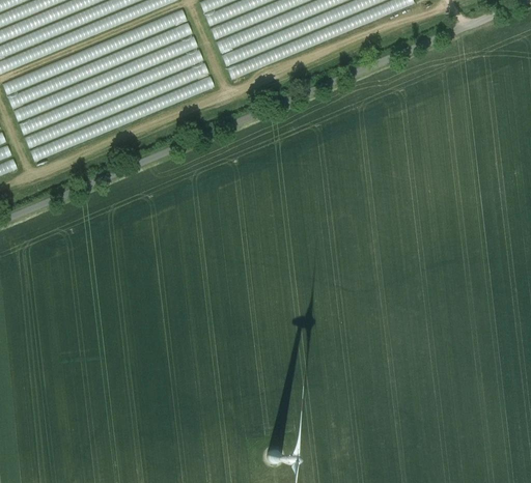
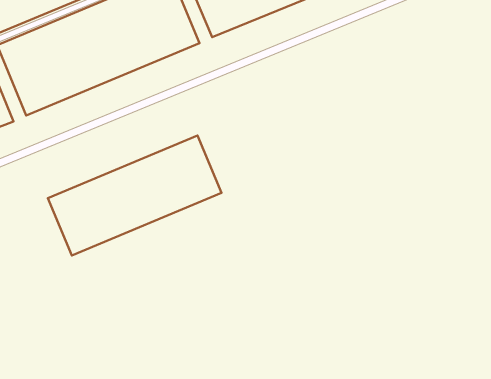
building: none -> [48,135,221,255]

